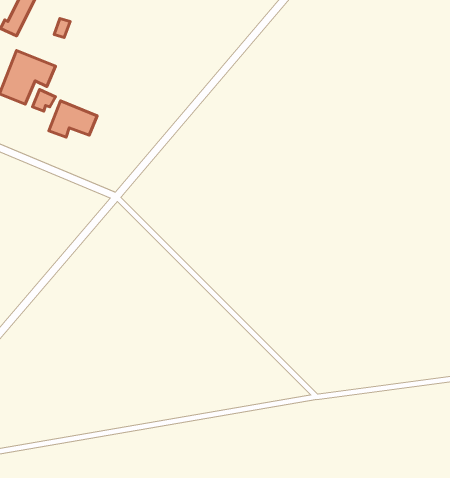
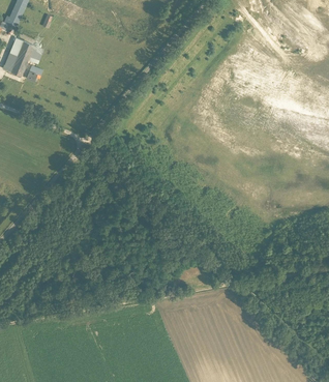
building: [49,101,97,137] -> none

